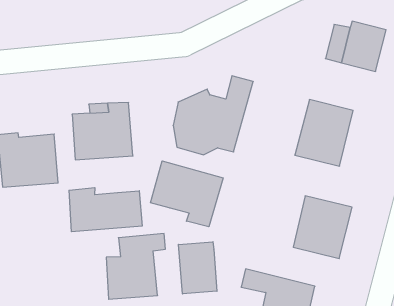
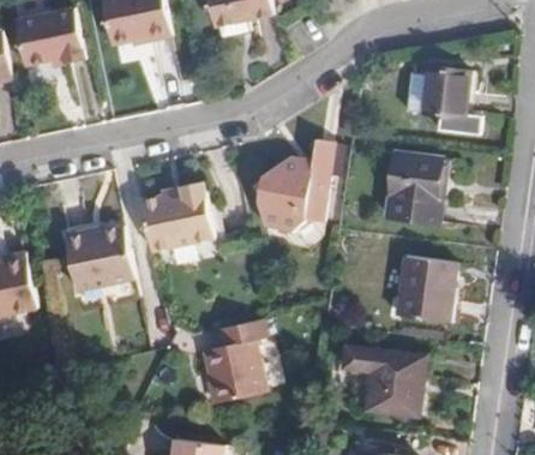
building: [151,161,223,227] -> none
building: [69,188,142,232] -> none
building: [178,242,217,294] -> none

